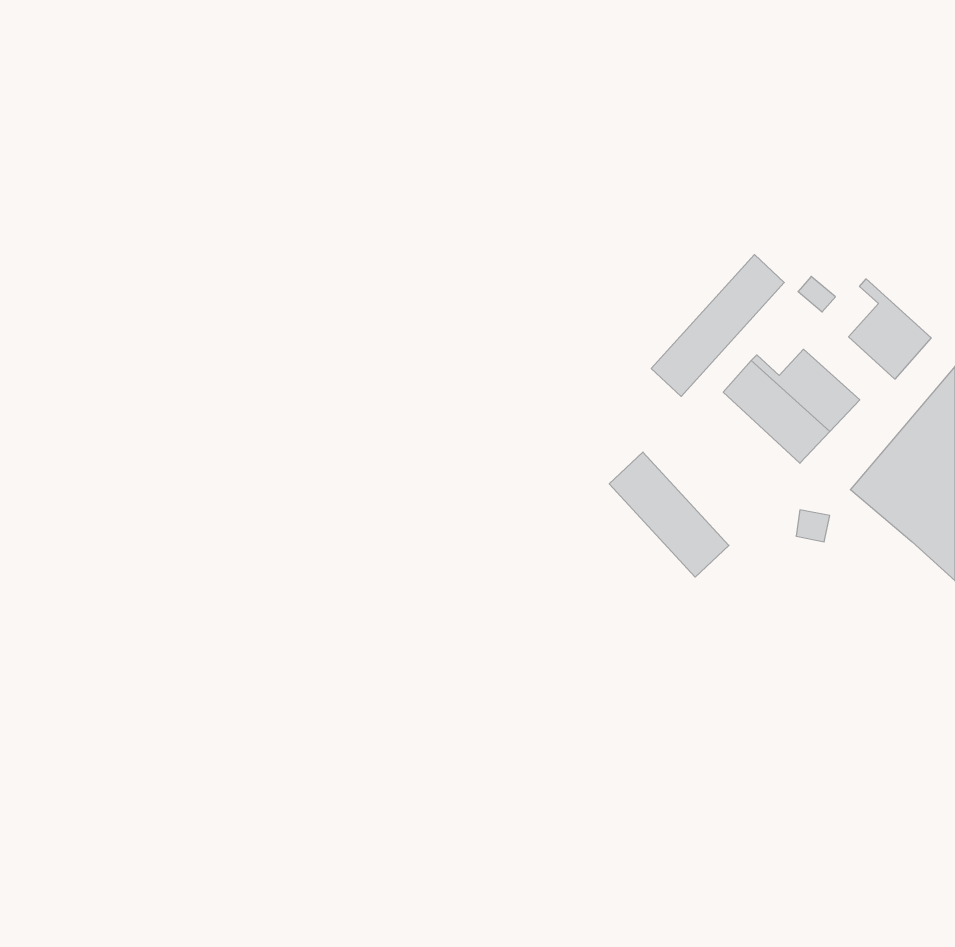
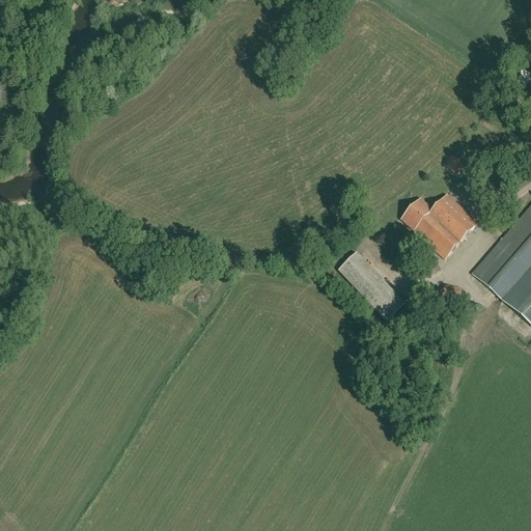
building: [651,255,784,396] -> none
building: [849,279,931,379] -> none

